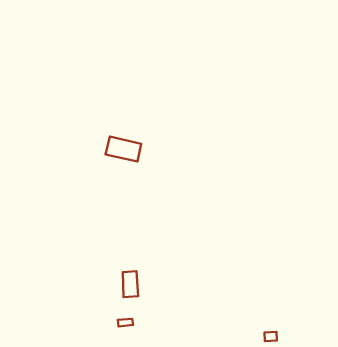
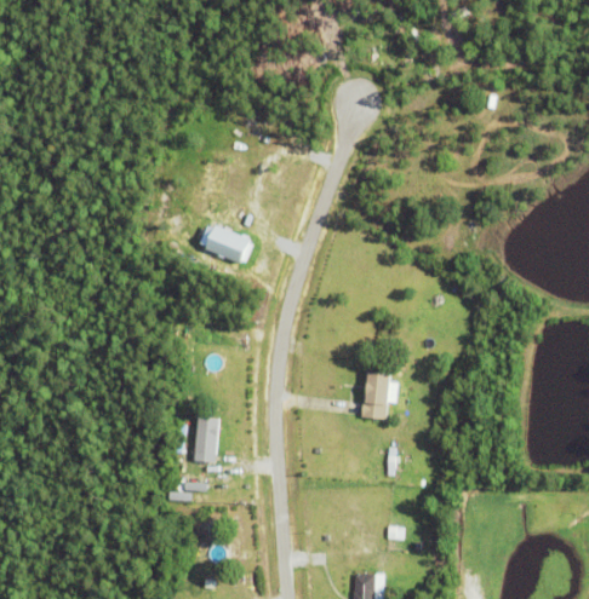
building: none -> [361,370,391,419]

